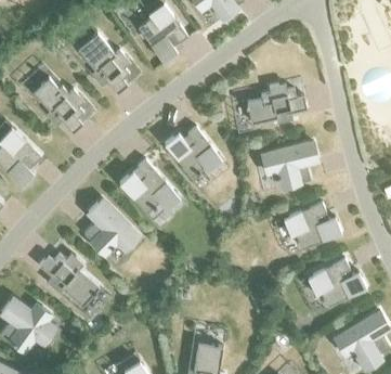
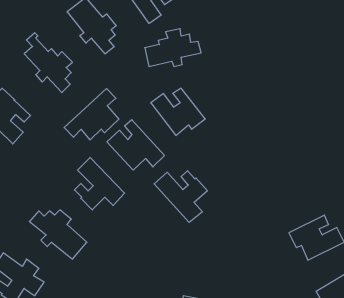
building: [247,83,305,122] -> [145,29,201,67]
building: none -> [64,89,119,140]
building: [262,143,316,186] -> none
building: [284,203,340,248] -> none
building: none -> [154,171,207,222]

